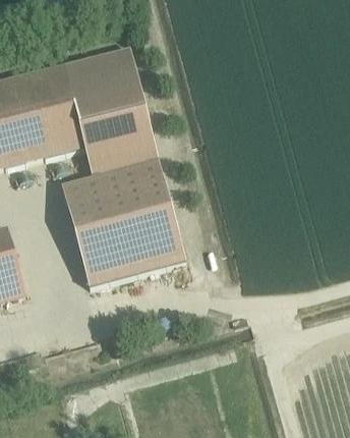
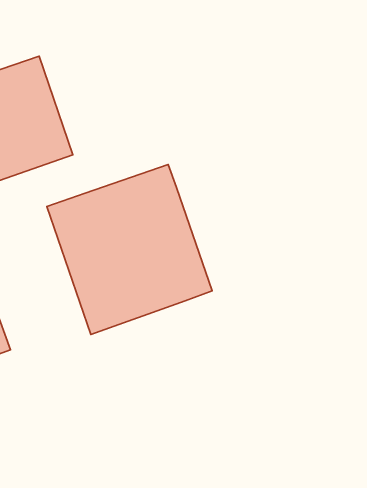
building: [64,51,158,176] -> none

